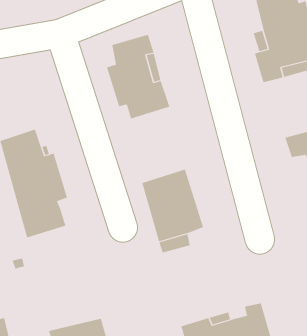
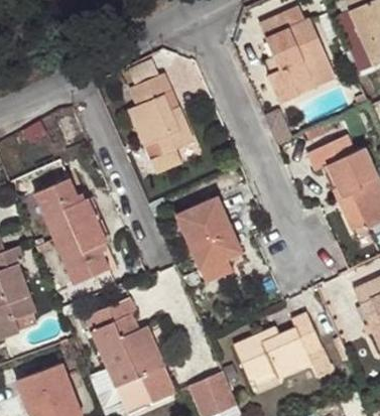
building: none -> [85,298,156,370]

